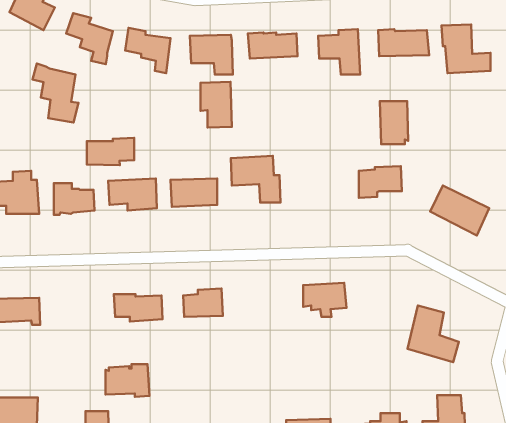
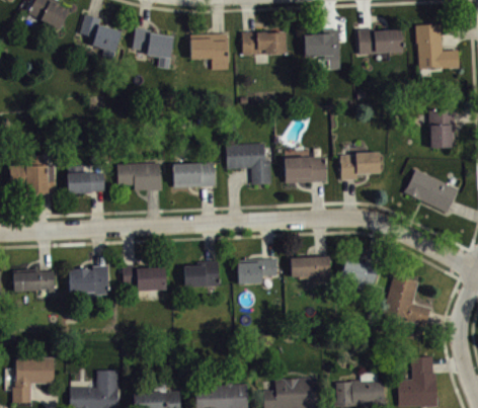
building: [32,63,78,123] -> none
building: [200,82,232,127] -> none
building: [380,101,408,144] -> [428,108,454,147]
building: [87,138,134,165] -> none
building: none -> [284,148,324,182]
building: none -> [237,258,276,282]
building: none -> [339,258,378,292]
building: [105,364,150,397] -> [69,265,108,295]

